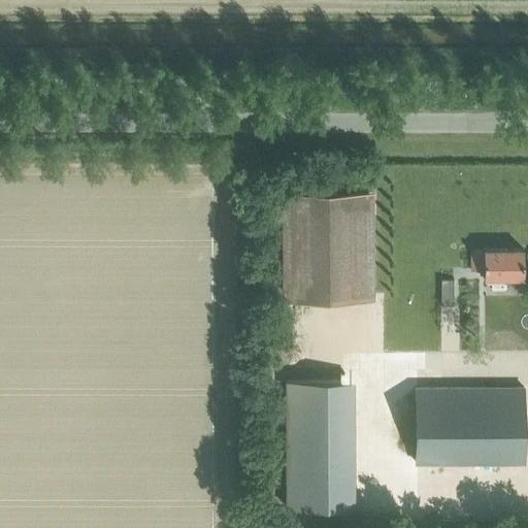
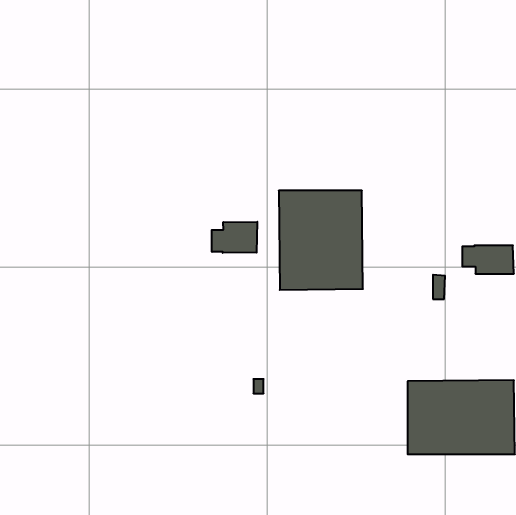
building: none -> [212,222,257,253]
building: [287,384,355,512] -> none

